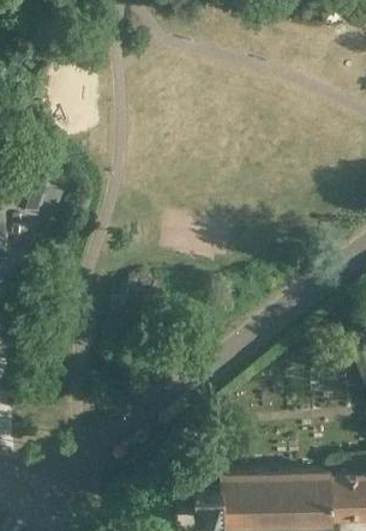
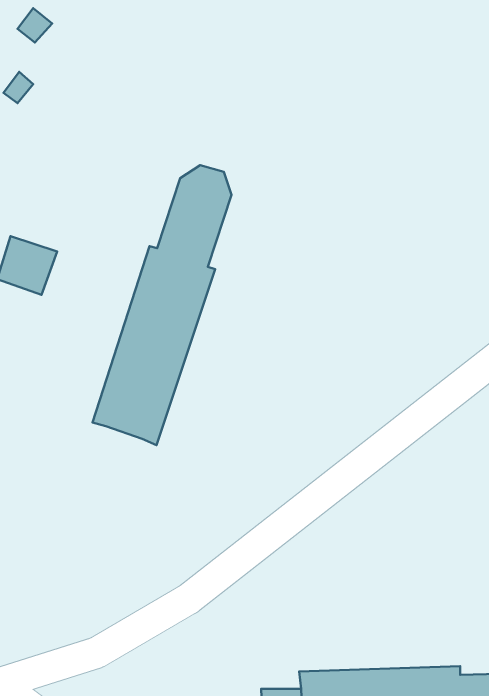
building: none -> [92,165,231,445]

